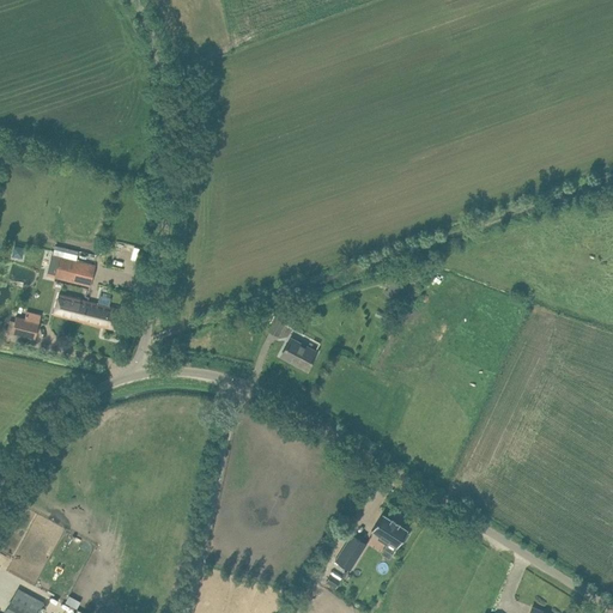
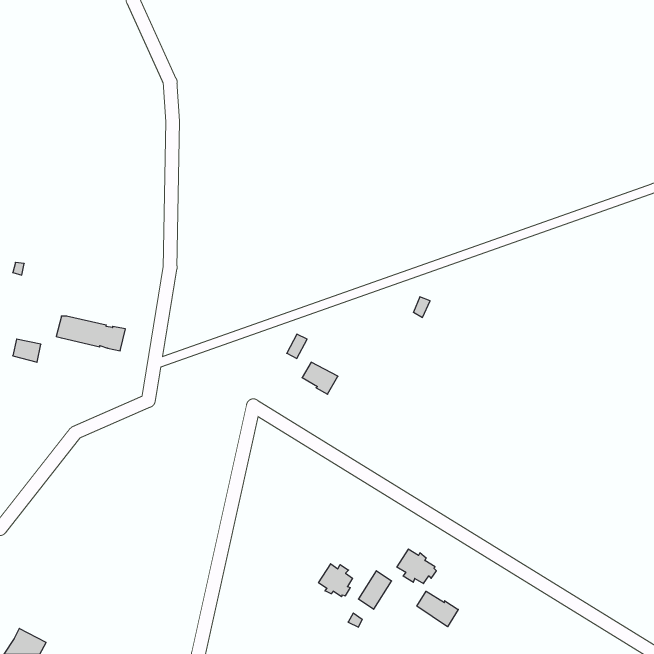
building: [45,255,95,285] -> none
building: none -> [319,564,353,597]
building: none -> [417,591,458,627]

